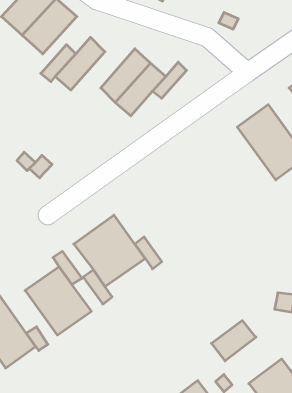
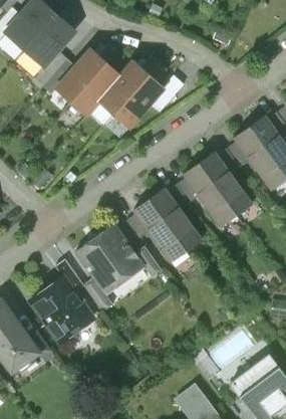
building: none -> [71,66,119,118]
building: none -> [183,153,251,226]
building: none -> [133,189,201,262]

